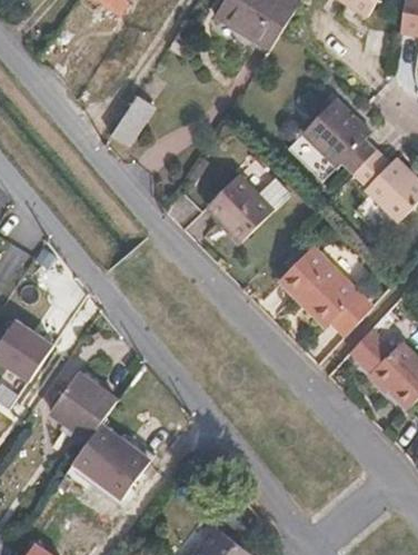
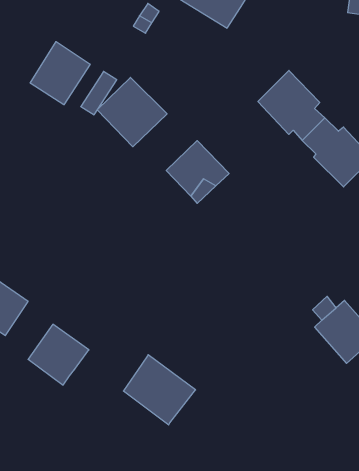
building: none -> [30,42,90,105]
building: none -> [97,77,167,147]
building: [277,249,367,337] -> none
building: [73,426,151,502] -> [123,355,196,425]

